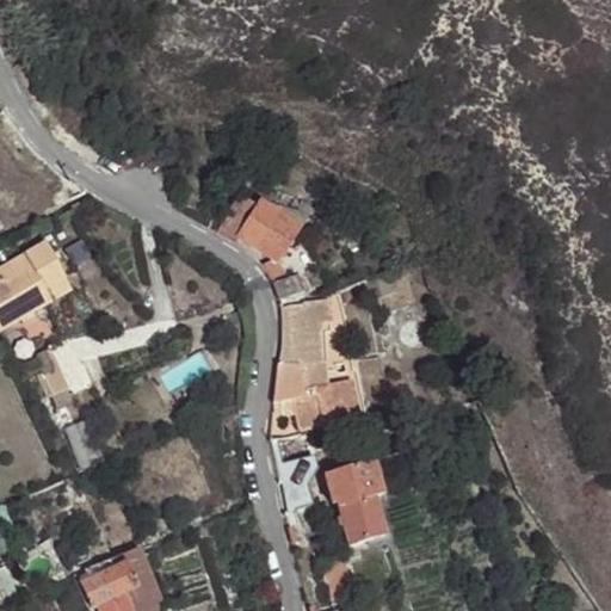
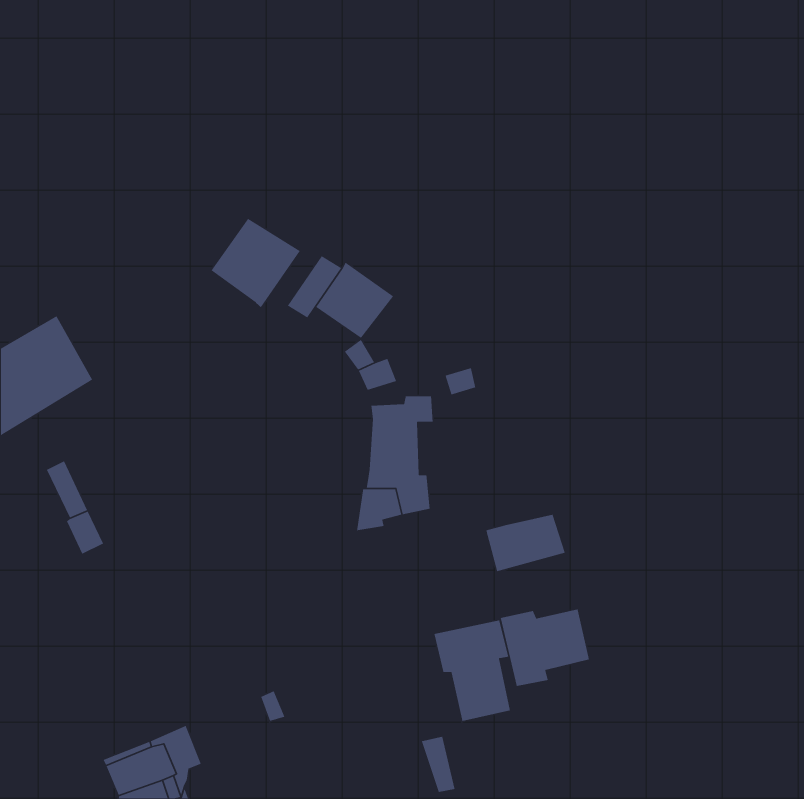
building: none -> [210,218,301,308]
building: [291,382,352,426] -> [485,514,566,572]
building: none -> [500,609,590,687]

